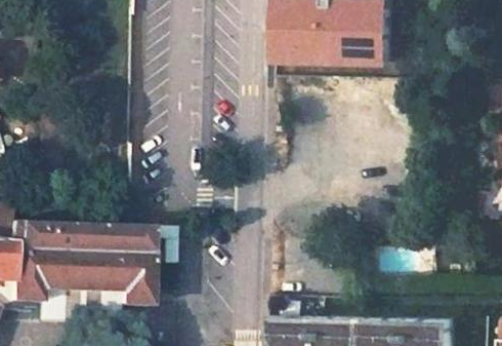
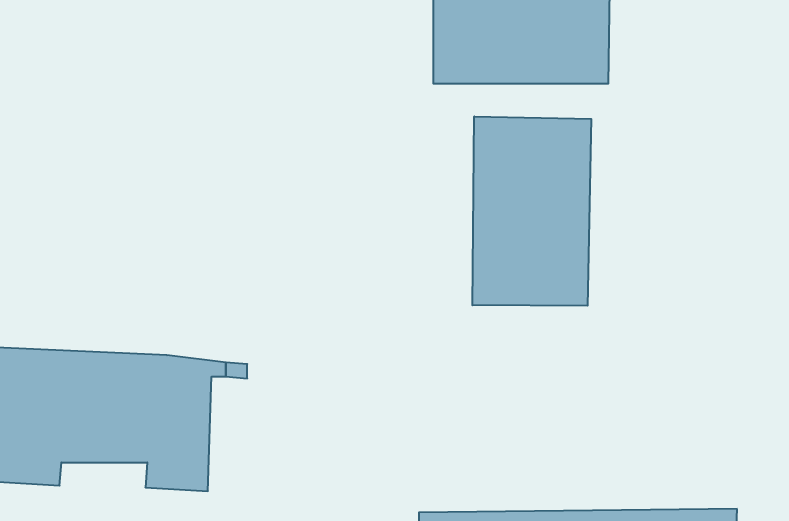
building: none -> [472,116,591,306]

